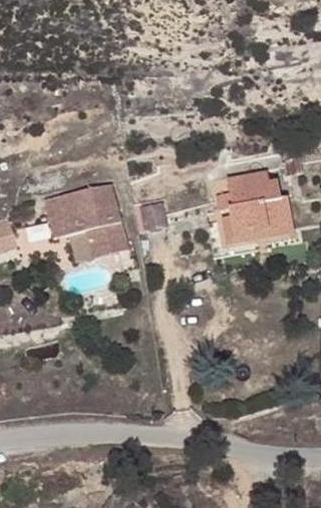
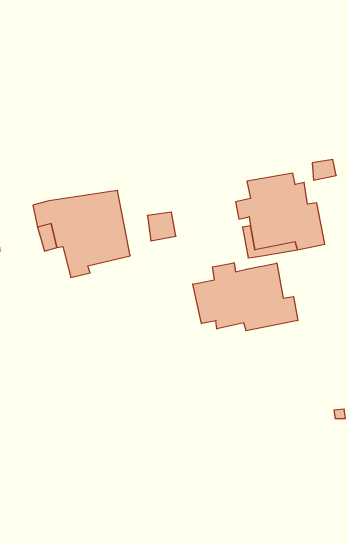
building: none -> [193,263,298,331]

